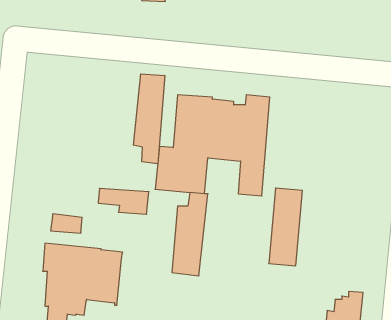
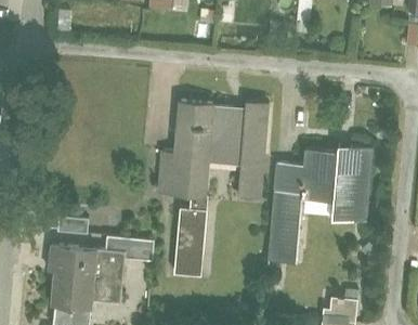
building: [134,74,165,164] -> none
building: none -> [274,145,371,220]
building: [98,188,149,214] -> [106,236,155,261]

